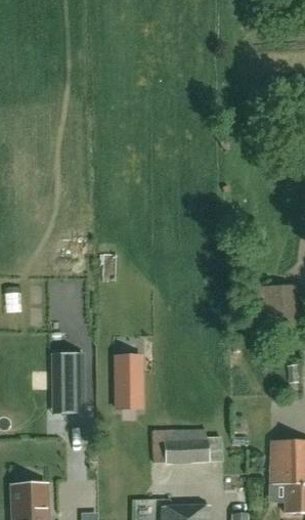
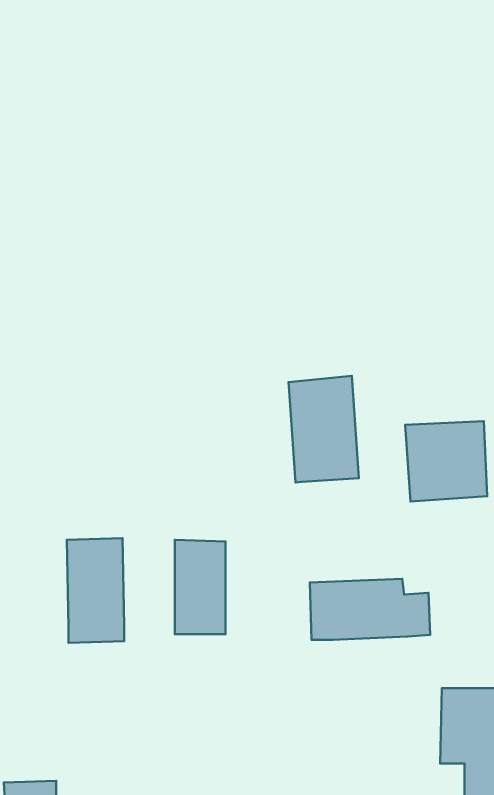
building: none -> [289,376,359,482]
building: [152,428,223,464] -> [310,579,430,640]

